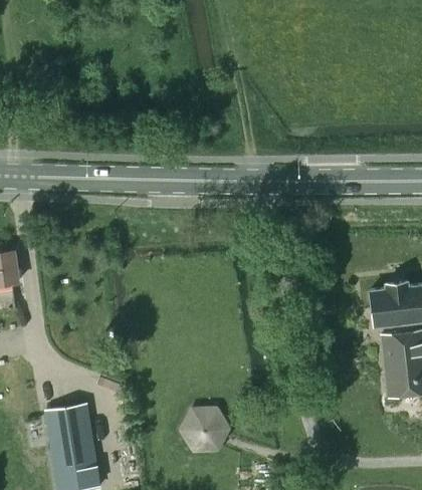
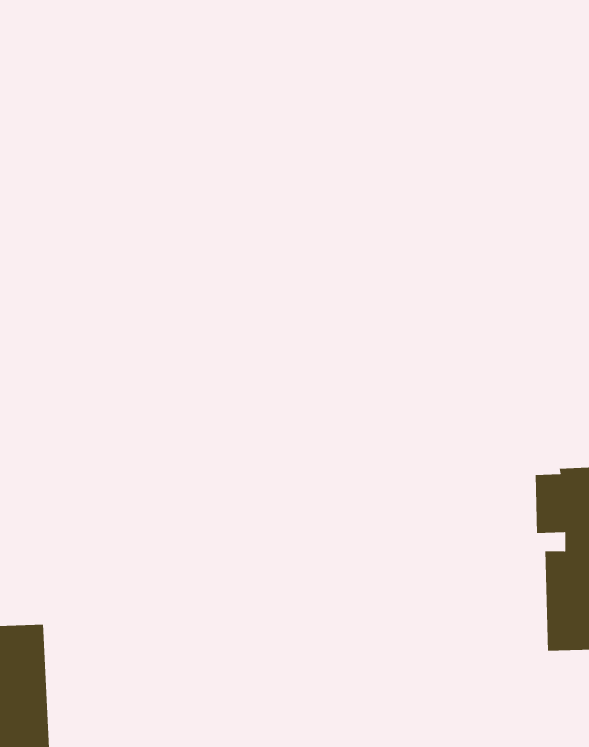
building: [182,409,230,451] -> none

